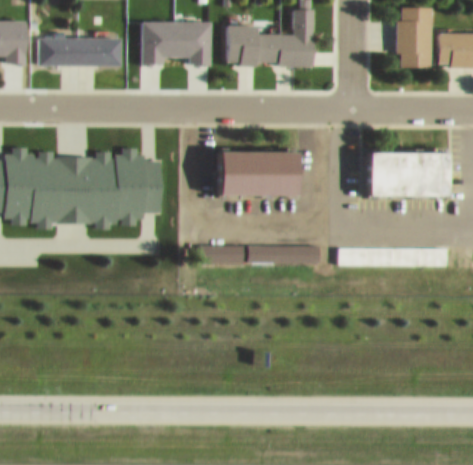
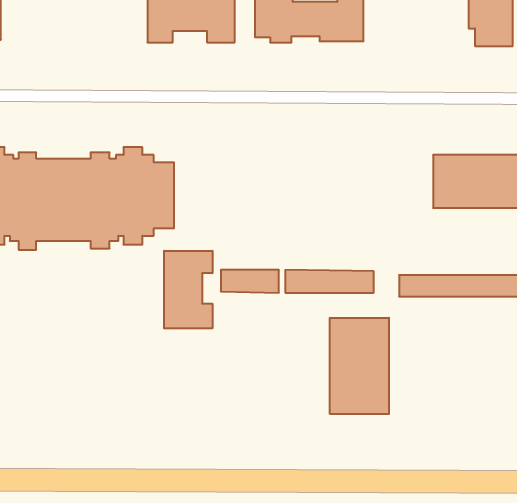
building: [37,38,120,67] -> none
building: [216,153,295,194] -> none
building: none -> [164,251,212,328]
building: none -> [330,318,389,414]

